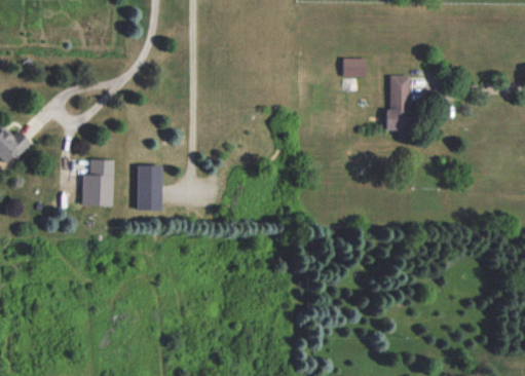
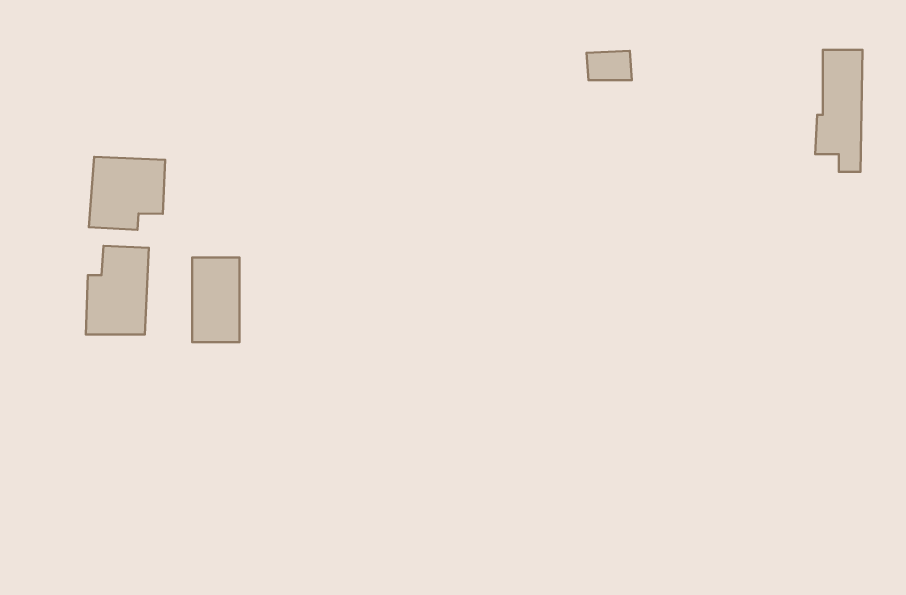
building: [385,76,410,140] -> [815,50,862,172]
building: none -> [89,157,165,230]

